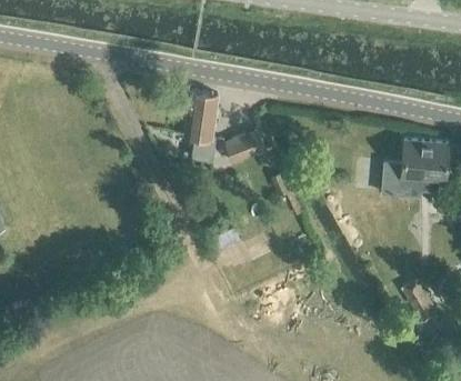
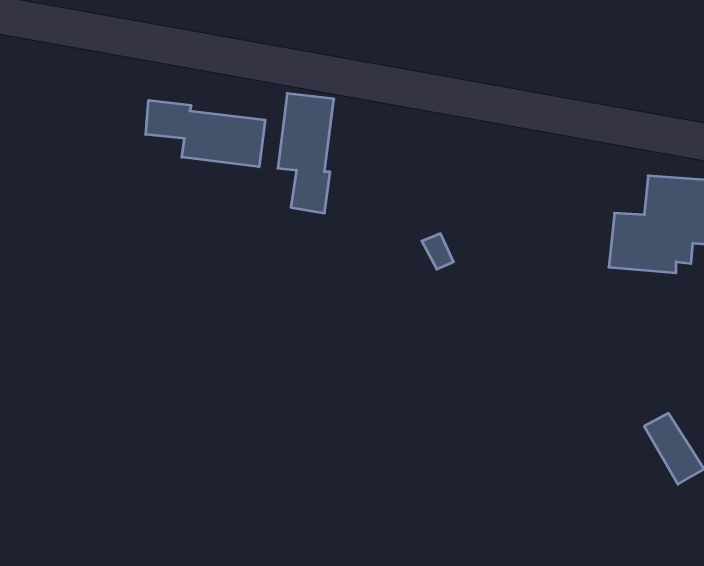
building: none -> [146,100,265,167]
building: [226,129,265,161] -> none

